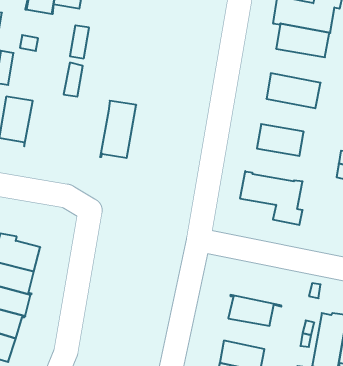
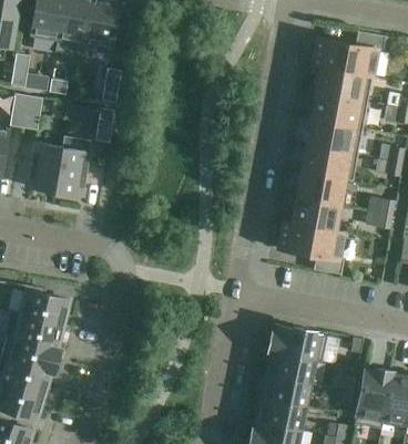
building: none -> [310,93,367,128]
building: none -> [300,145,357,182]
building: [100,101,136,158] -> [53,136,91,196]
building: none -> [292,197,340,231]
building: none -> [268,326,327,361]
building: none -> [262,374,309,406]

